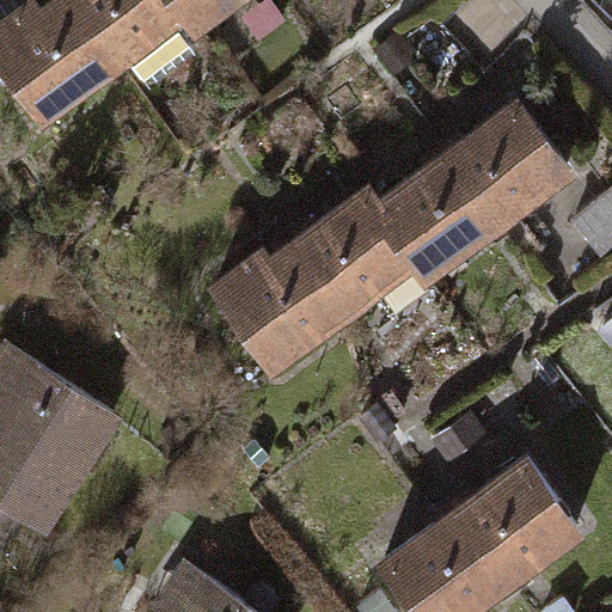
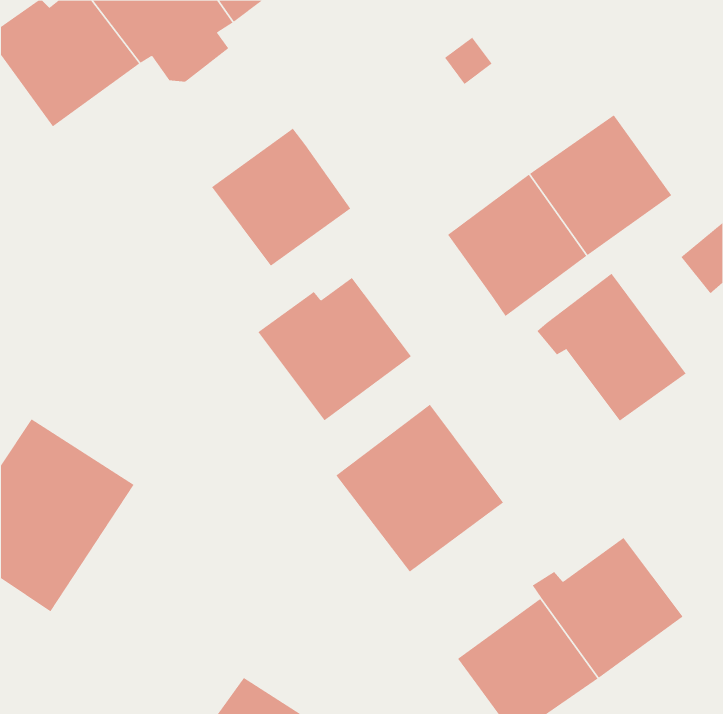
building: [298,191,416,308] -> [211,128,351,266]
building: none -> [537,273,687,422]
building: none -> [336,404,504,573]

